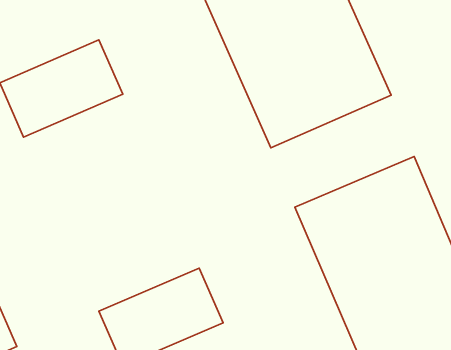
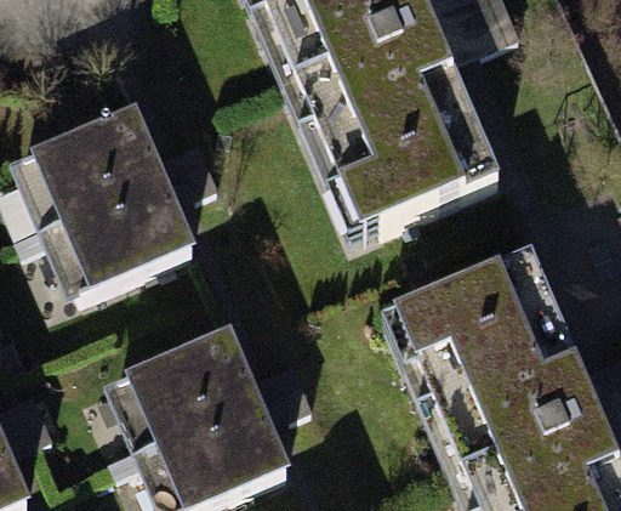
building: none -> [42,174,199,299]
building: none -> [108,325,266,449]

